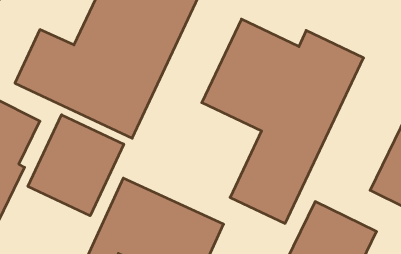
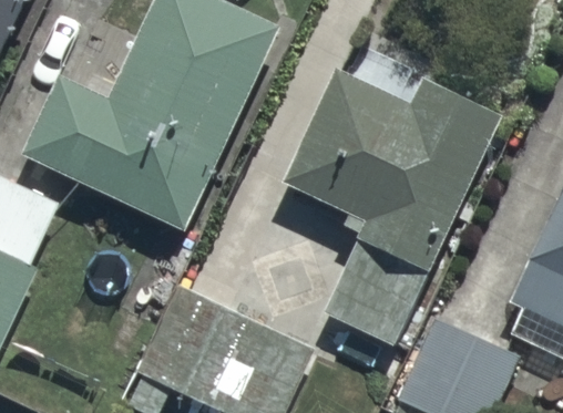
building: [28,115,124,216] -> none

